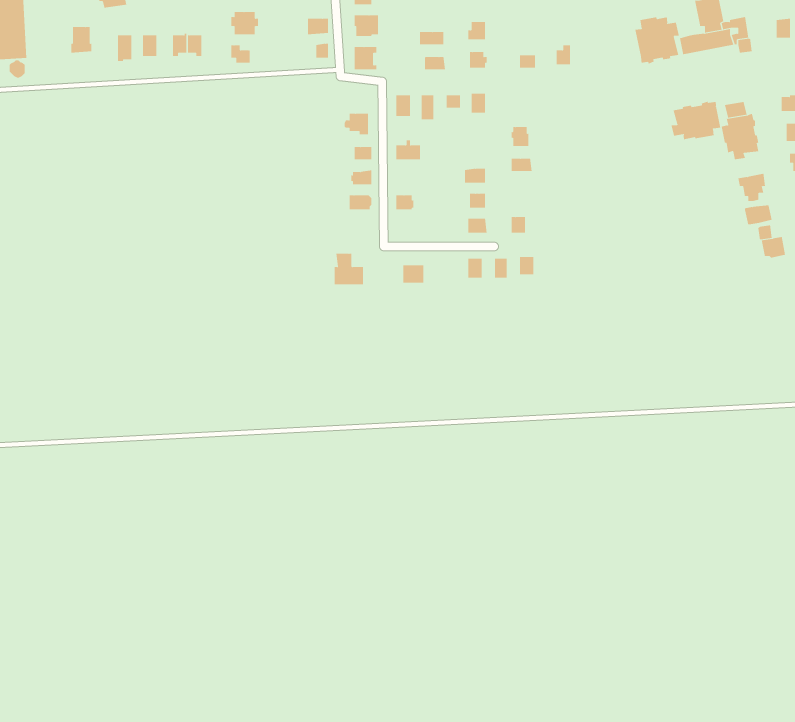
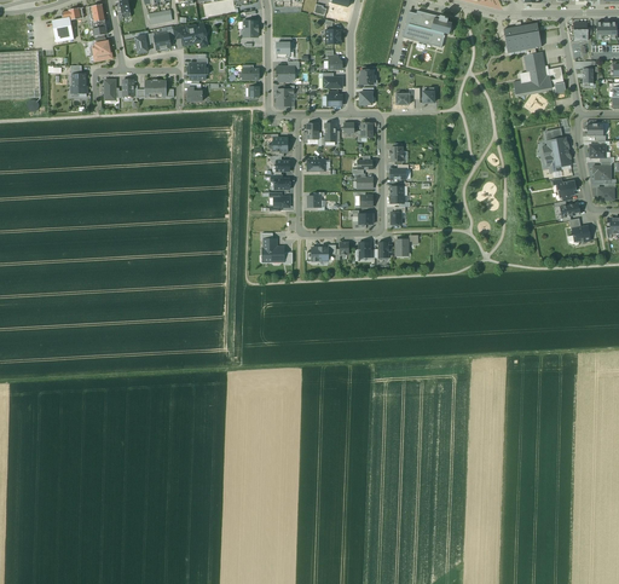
building: [634,16,679,65] -> none
building: [671,101,721,140] -> none

